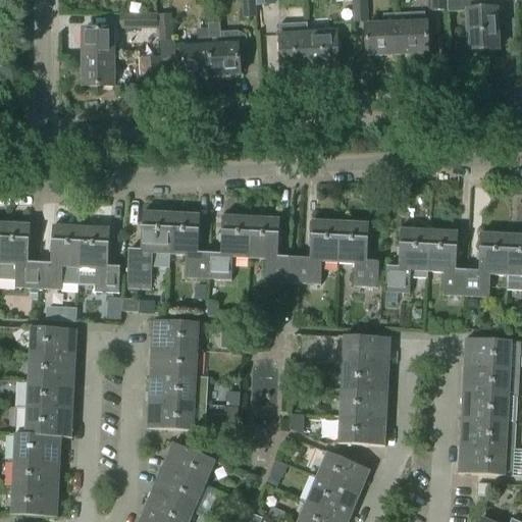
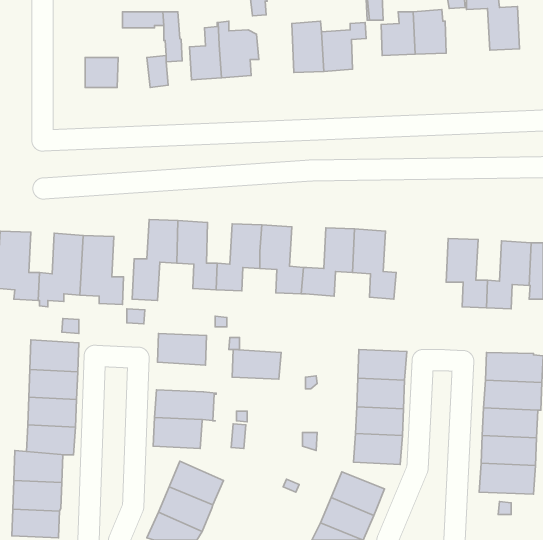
building: [82,27,113,55] -> none
building: [385,227,429,292] -> none
building: [150,347,197,375] -> [232,349,281,379]

